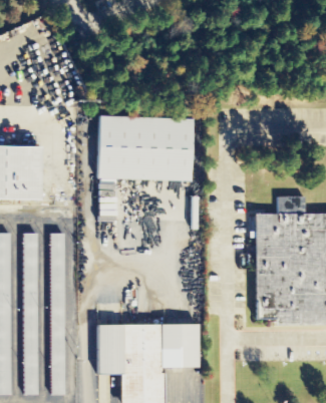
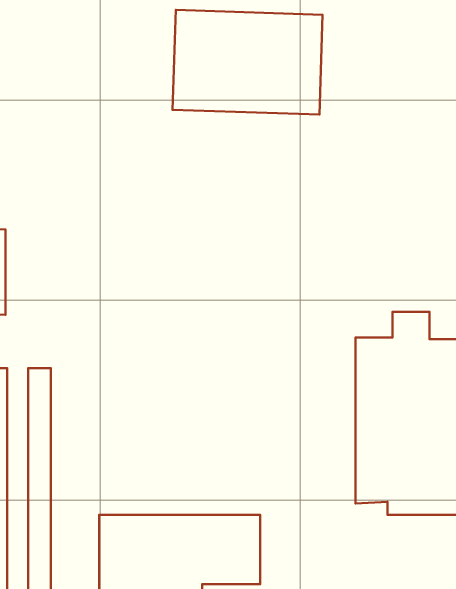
building: [97,115,191,180] -> [173,10,323,115]

